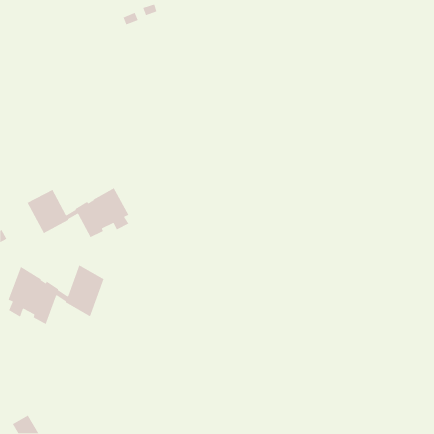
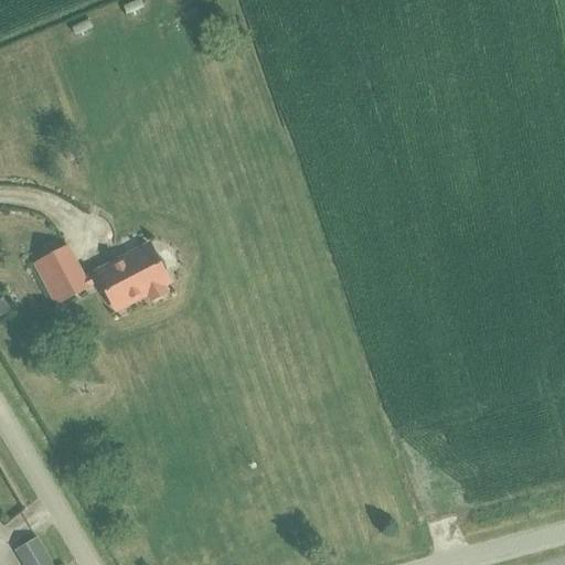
building: [8,264,105,325] -> none

